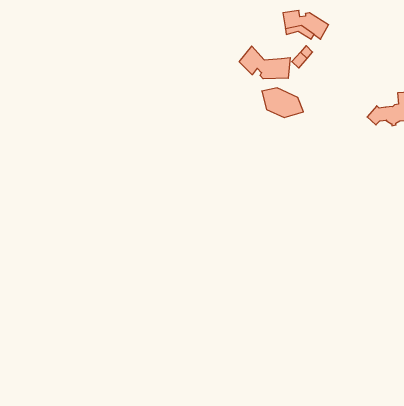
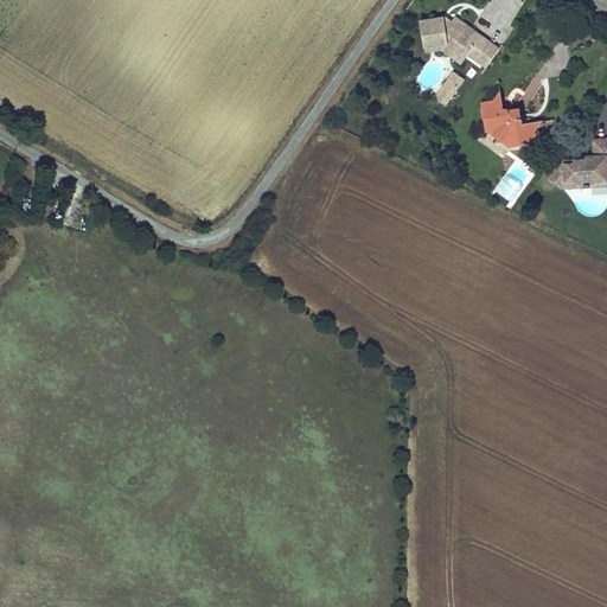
building: [239,46,290,79] -> none
building: [262,88,303,118] -> [478,108,539,152]

